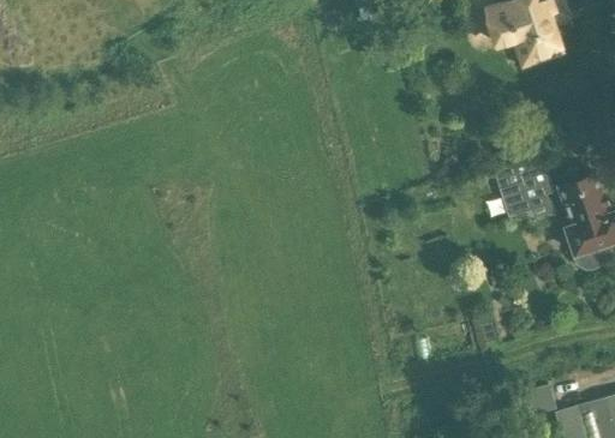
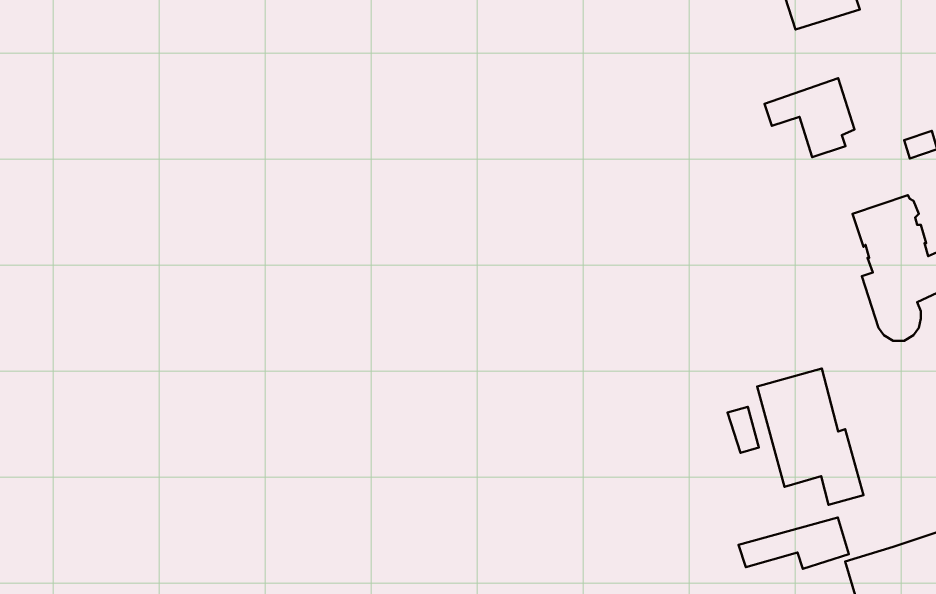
building: [495,157,554,209] -> [764,78,855,157]
building: none -> [757,369,864,505]

